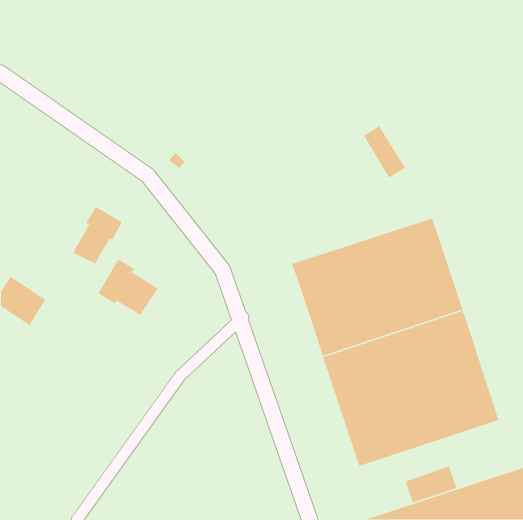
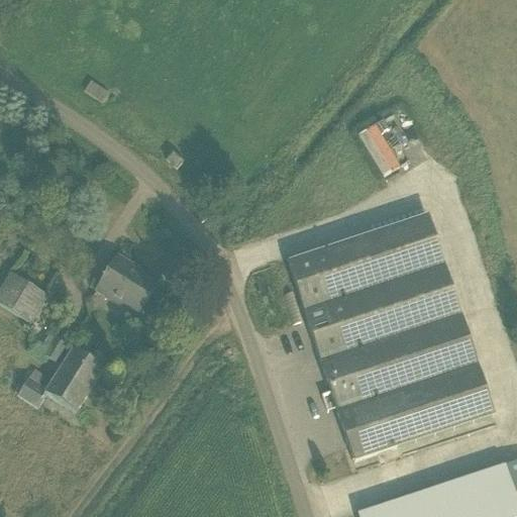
building: [72,206,123,265] -> none
building: none -> [17,347,104,412]
building: [405,465,458,504] -> none

